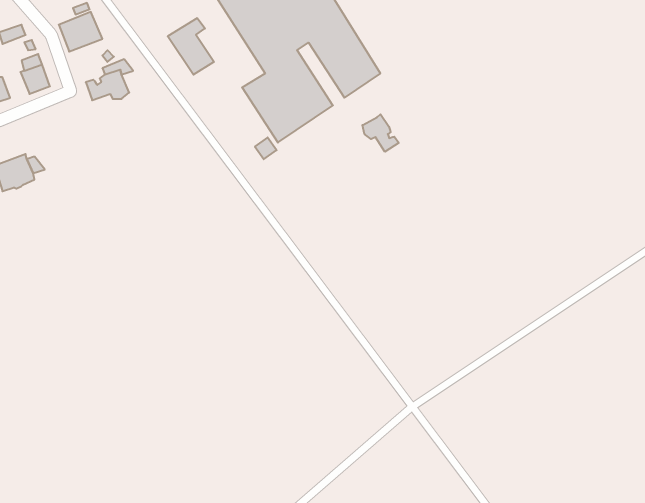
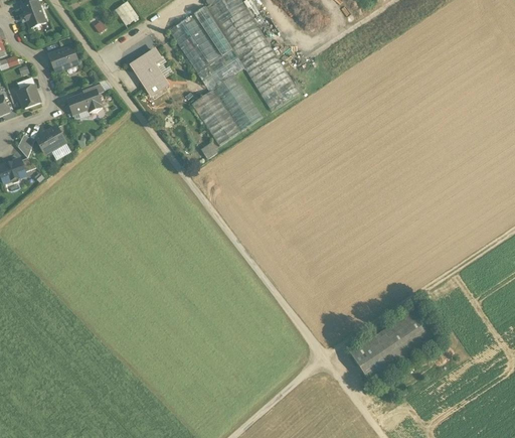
building: [362,114,399,152] -> none
building: none -> [36,127,64,153]
building: none -> [349,308,436,382]

